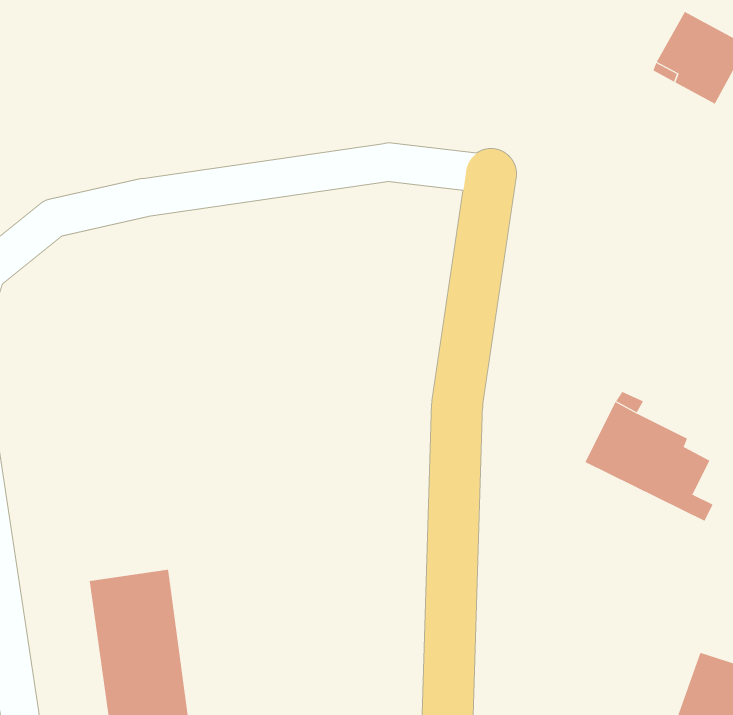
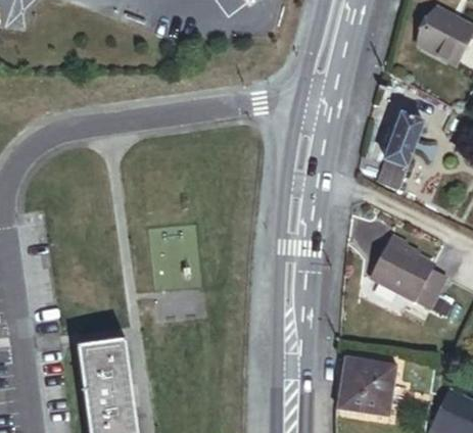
building: none -> [374,113,421,188]
building: none -> [338,356,397,415]

